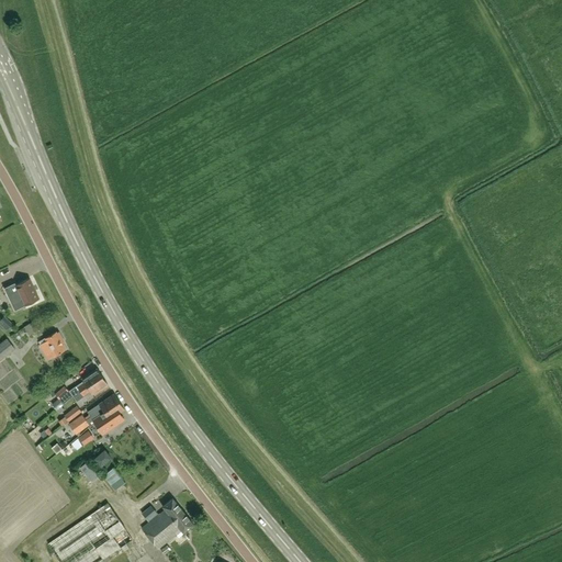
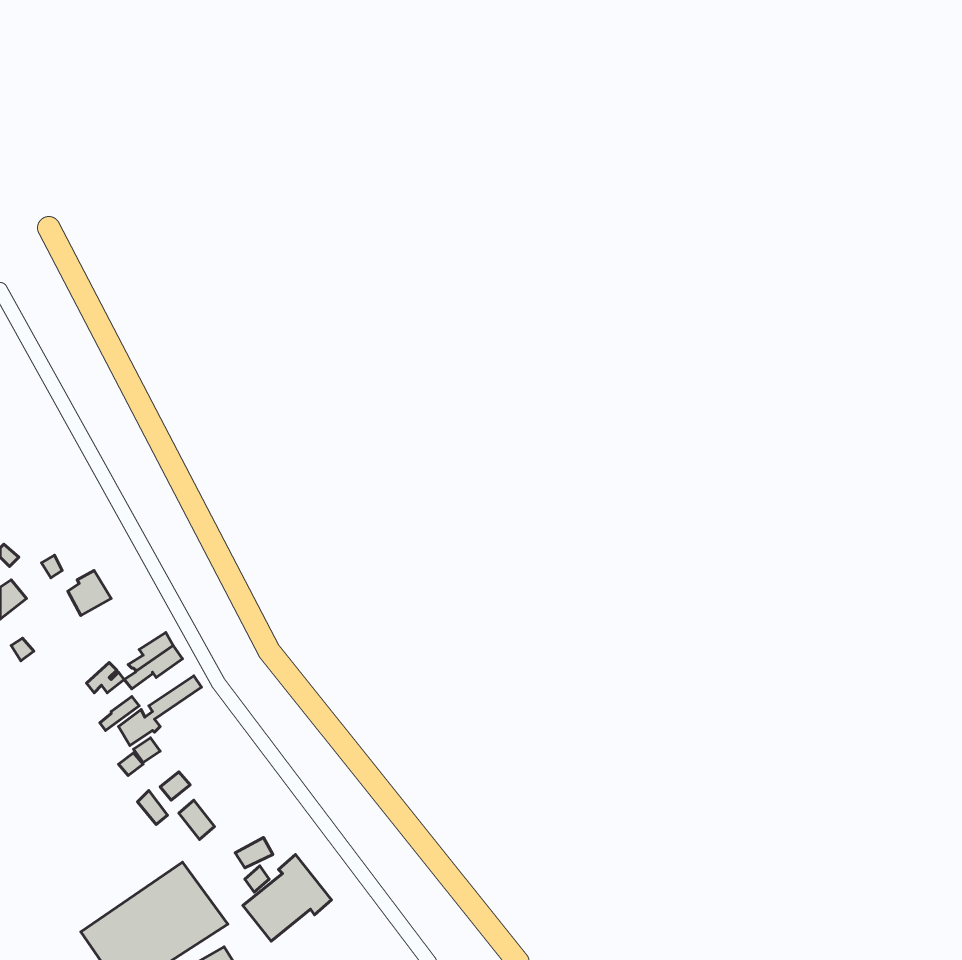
building: [4,280,38,312] -> none
building: [90,402,124,434] -> none

